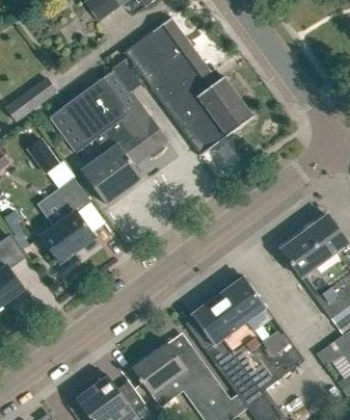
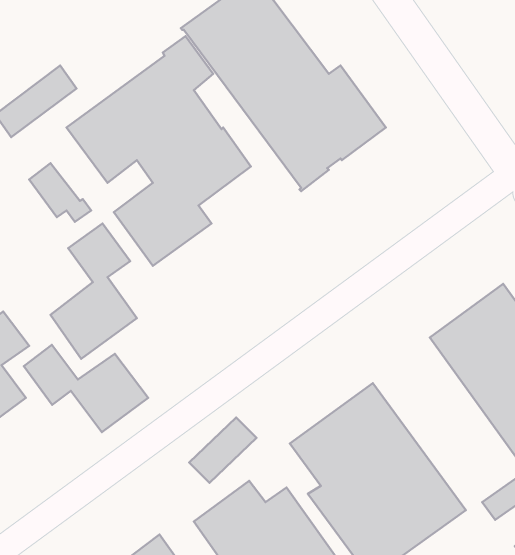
building: none -> [24,345,148,432]
building: none -> [189,417,256,483]

